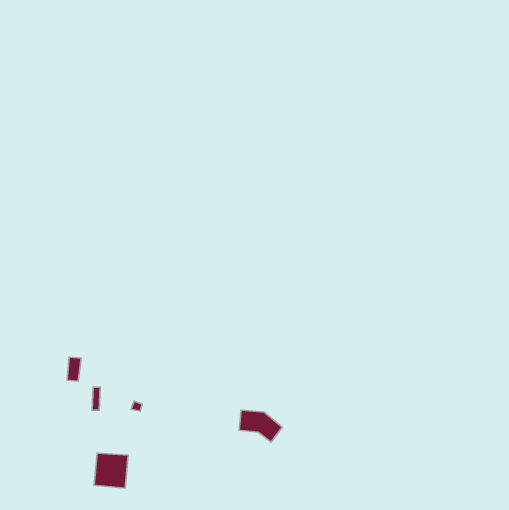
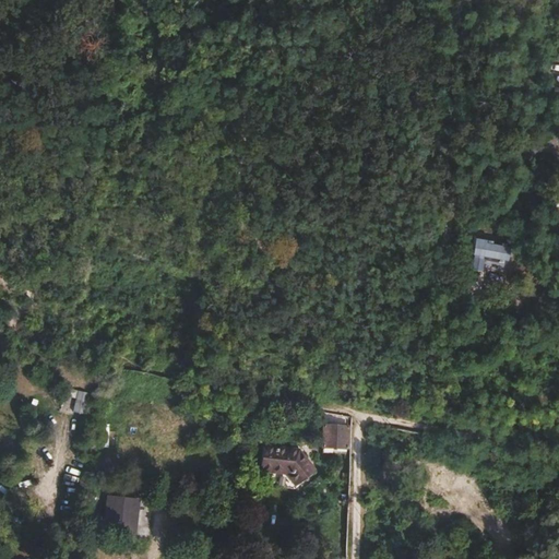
building: none -> [472,236,512,271]
building: none -> [322,426,348,449]

